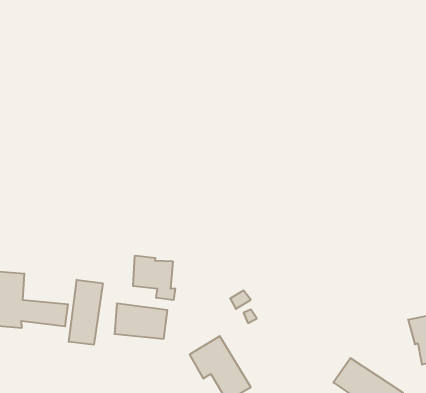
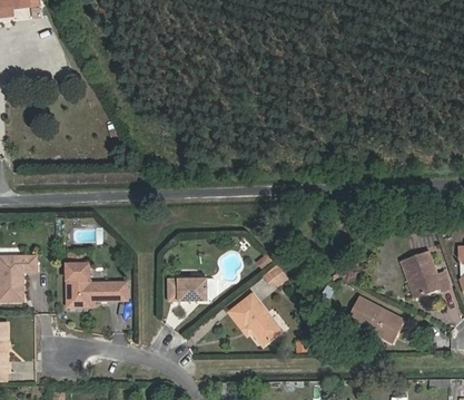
building: [133,256,175,300] -> none
building: [69,280,103,345] -> none

